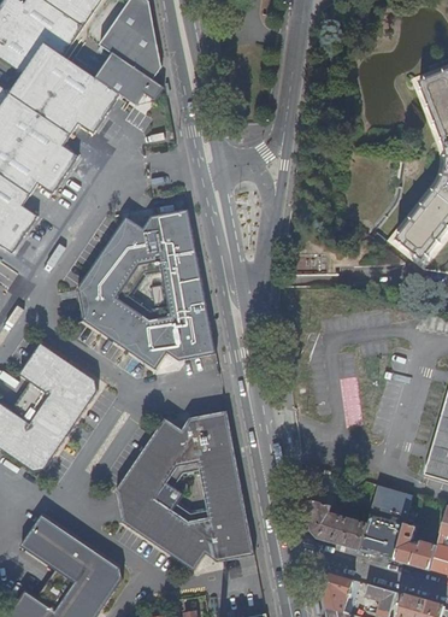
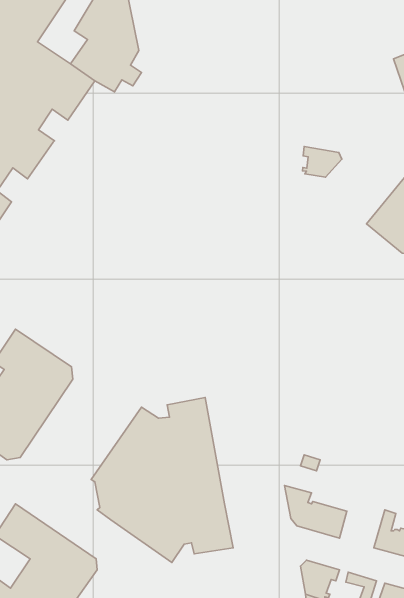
building: none -> [303,147,342,177]
building: [73,211,217,369] -> none
building: [359,483,412,558] -> none

